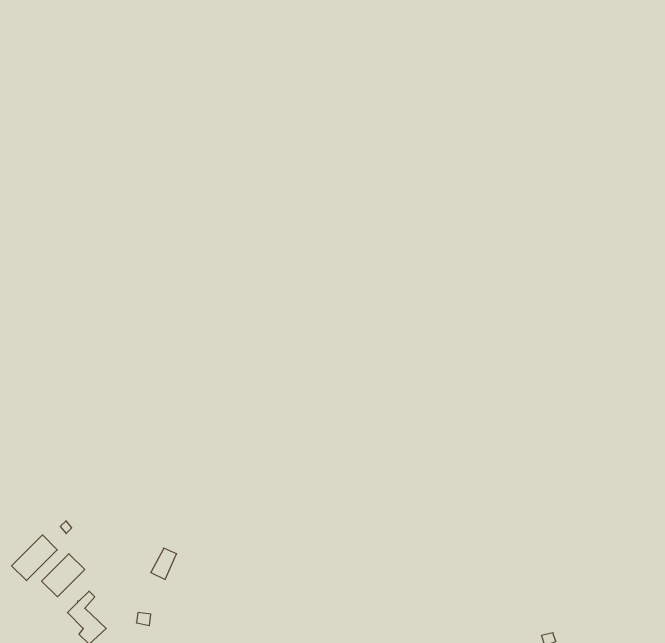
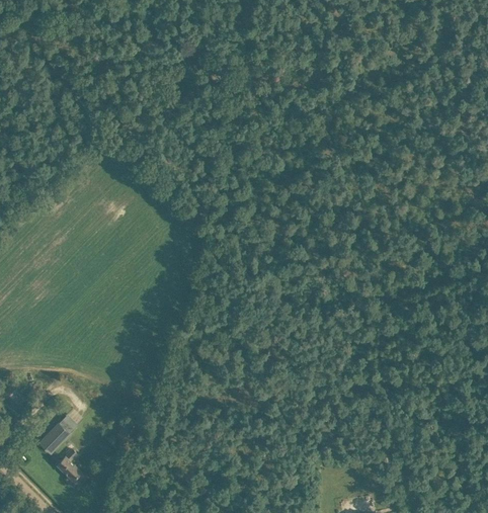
building: [12,535,57,581] -> none

